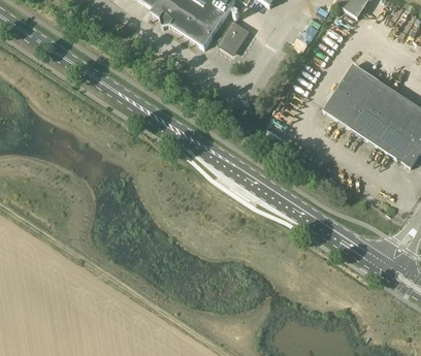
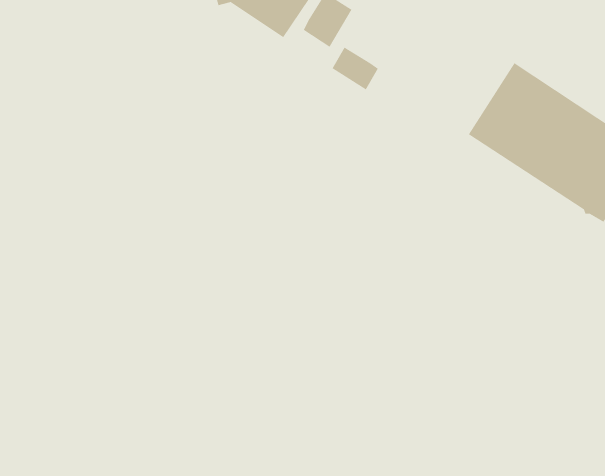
building: none -> [332,46,379,90]

